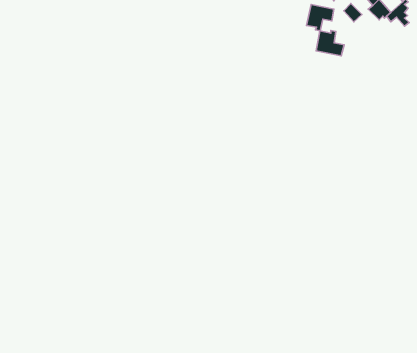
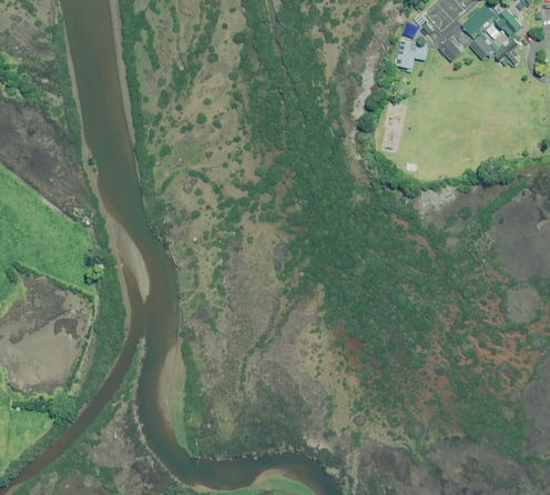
building: [316,30,344,56] -> none

